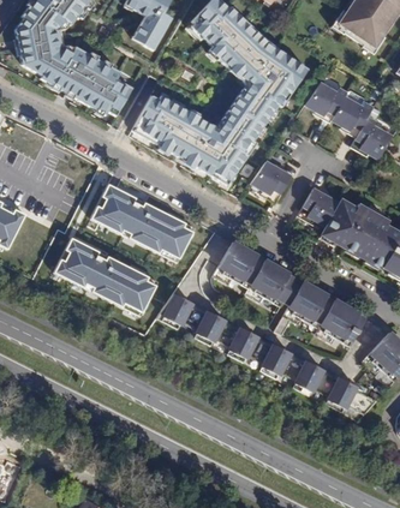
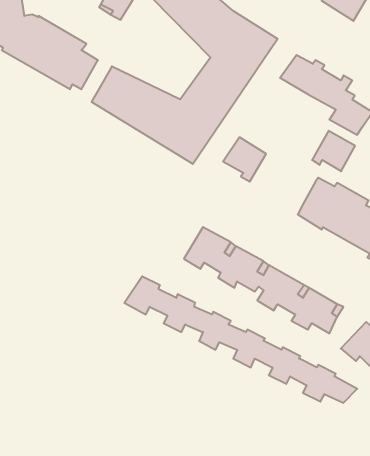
building: [85,183,187,258] -> none
building: [299,187,340,226] -> [312,131,355,171]
building: [49,237,153,318] -> none

